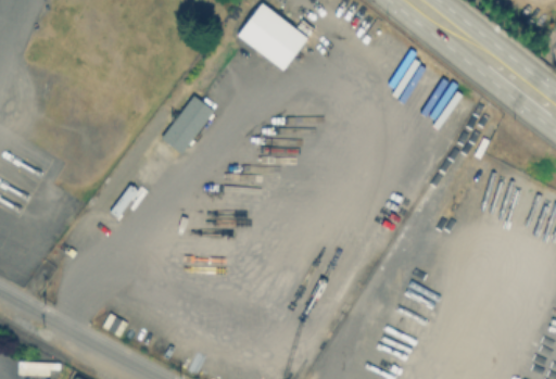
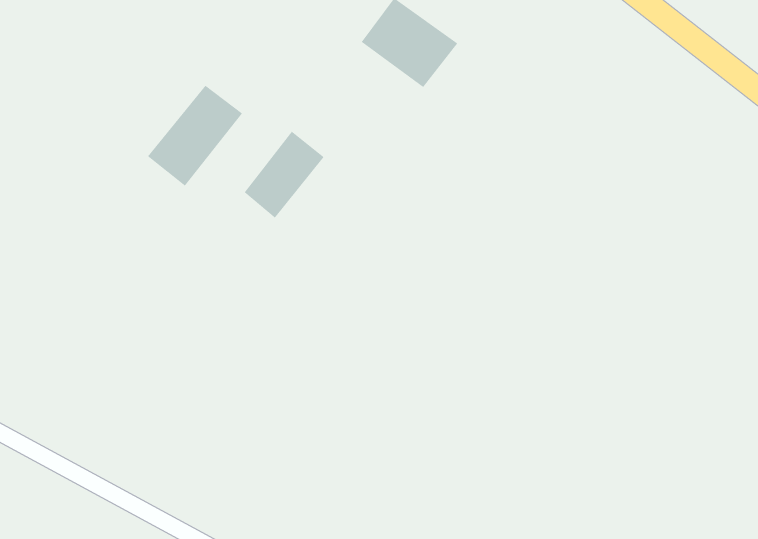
building: none -> [147,85,243,187]

